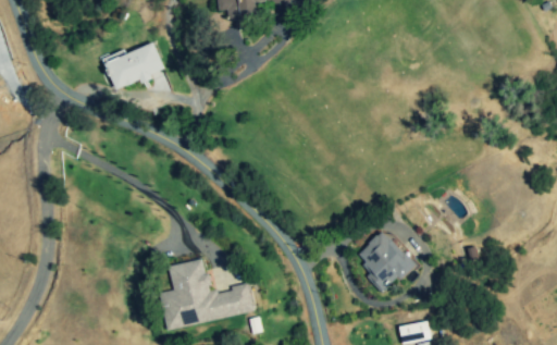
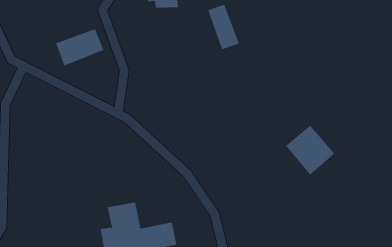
building: none -> [207,4,239,50]
building: [352,229,414,292] -> [285,125,335,175]

